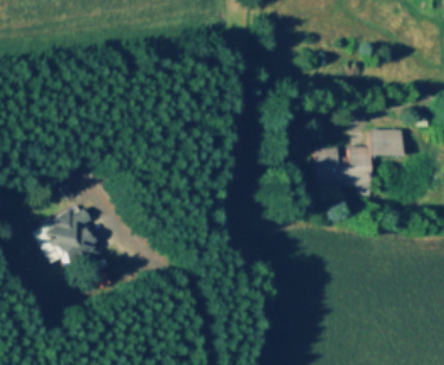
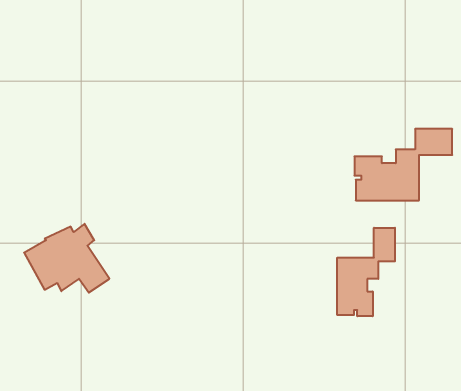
building: none -> [337,228,395,316]

